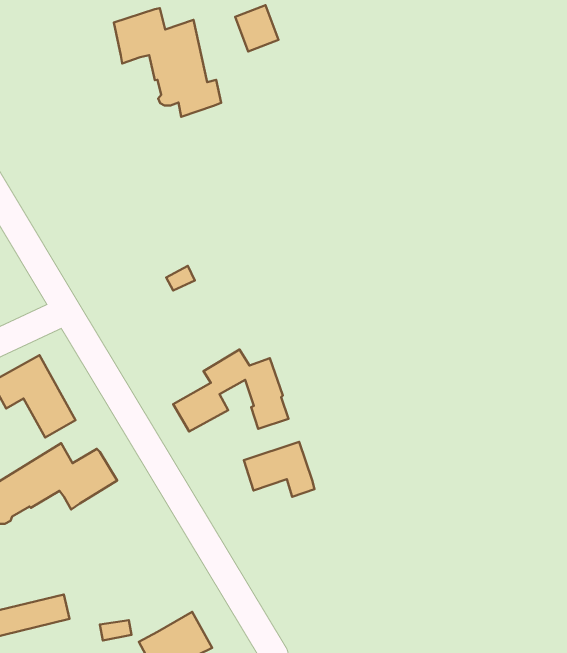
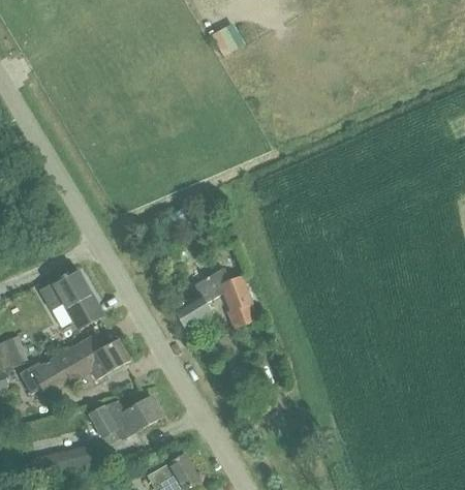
building: [114,8,221,117] -> none
building: [244,442,314,497] -> none
building: none -> [87,396,162,440]

